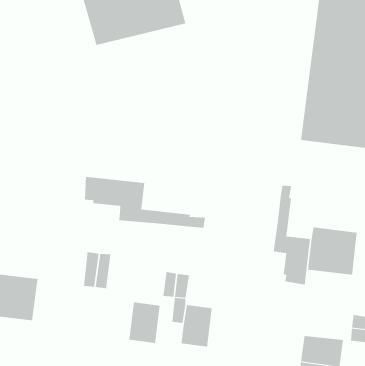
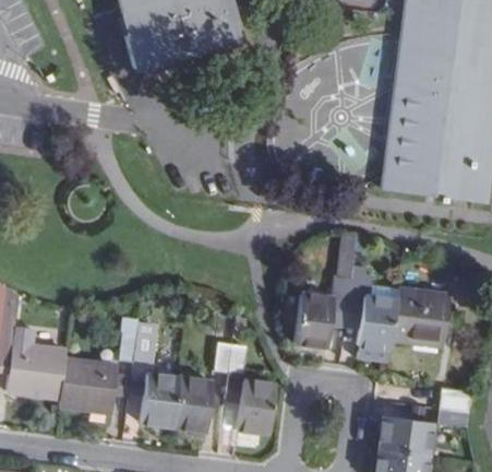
building: [84,176,205,228] -> none
building: none -> [296,233,358,347]
building: none -> [60,358,119,412]
building: none -> [142,375,180,424]

